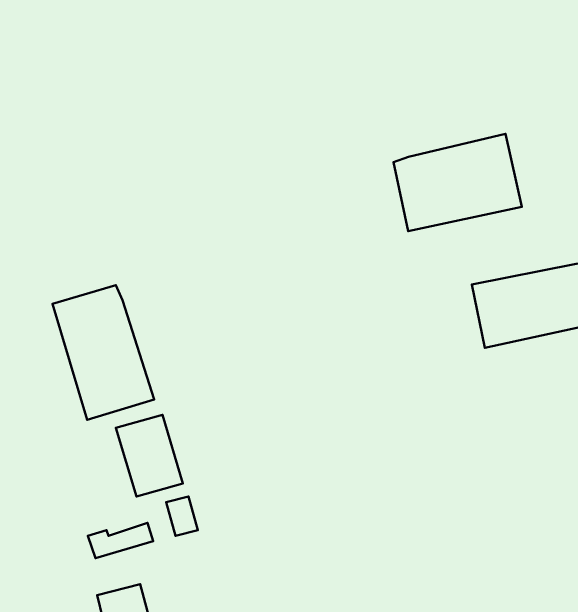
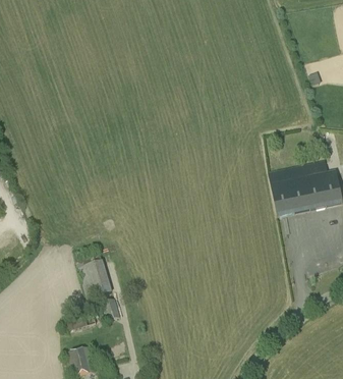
building: [393,134,522,231] -> none
building: [53,285,154,420] -> none

